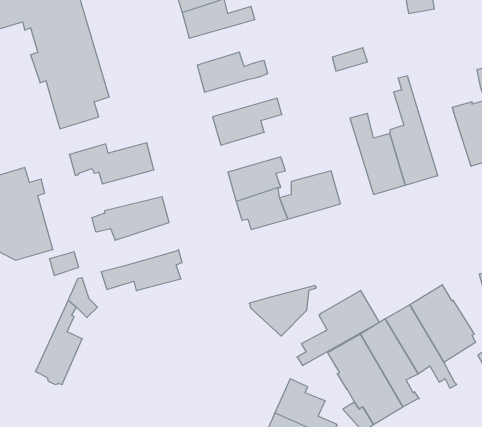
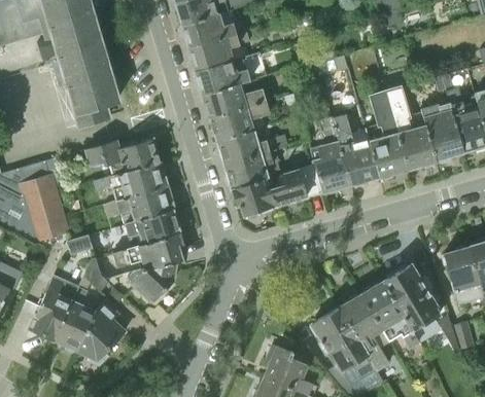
building: none -> [189,31,250,71]
building: none -> [381,77,437,168]
building: none -> [203,83,267,116]
building: none -> [311,117,351,192]
building: none -> [217,127,282,165]
building: none -> [93,161,166,199]
building: none -> [109,209,179,247]
building: [249,286,316,336] -> [125,258,183,302]
building: [297,290,379,366] -> none
building: none -> [29,275,79,340]
building: none -> [78,300,126,365]

